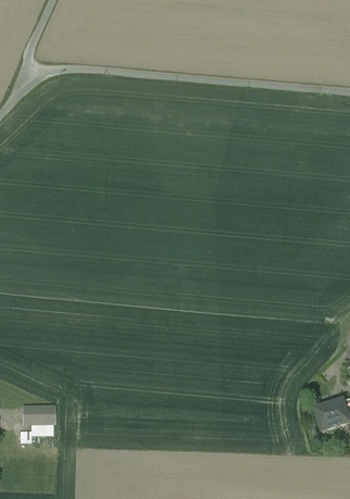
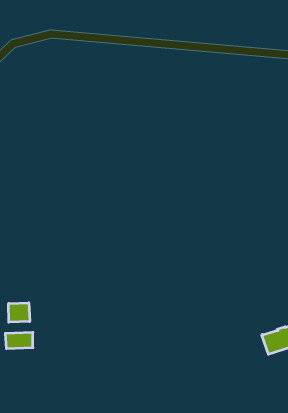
building: none -> [9,303,30,322]

